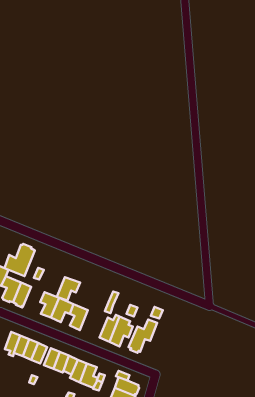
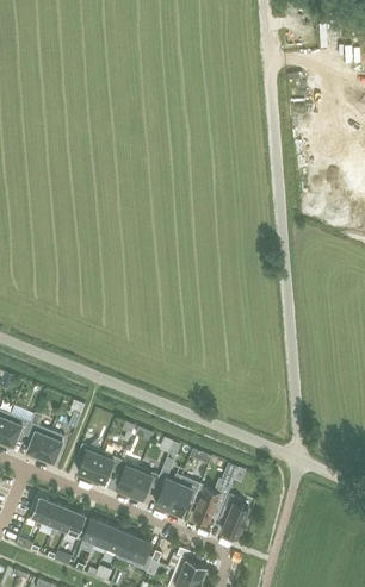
building: [4,244,35,276] -> none
building: [57,277,80,300] -> [129,469,160,500]
building: none -> [222,495,248,539]

